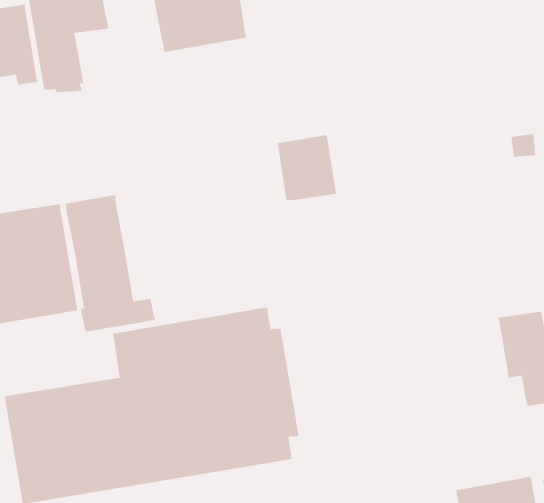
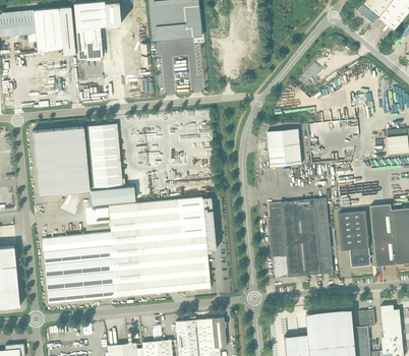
building: [277,135,337,201] -> [268,129,301,167]
building: none -> [268,198,334,279]

